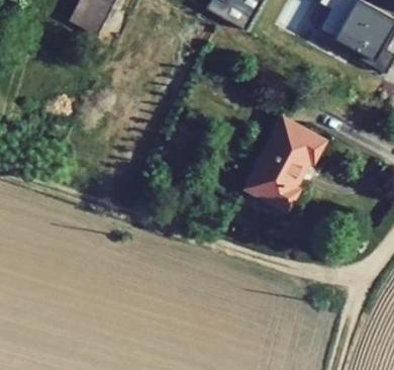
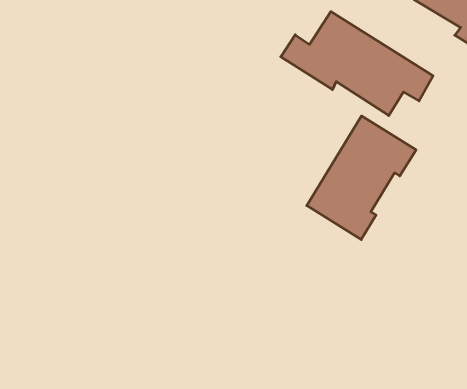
building: none -> [281,12,433,116]

